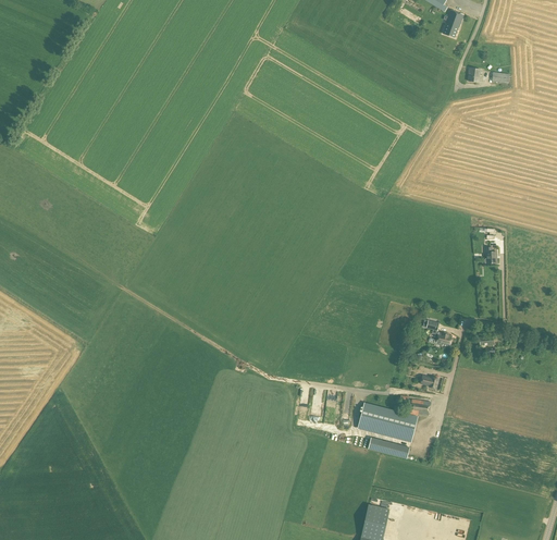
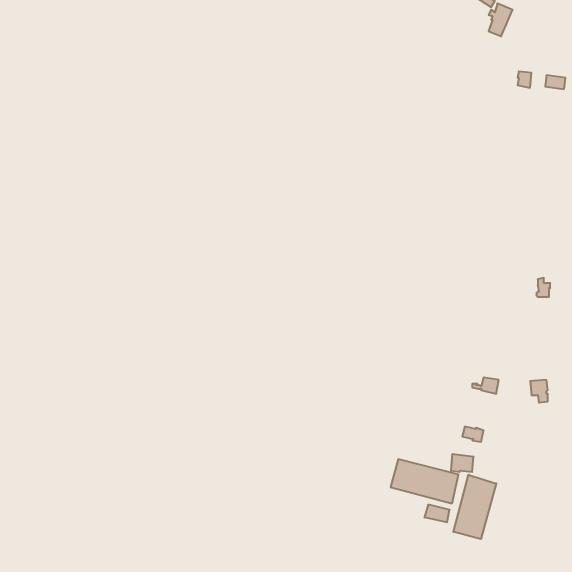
building: none -> [453,475,496,539]

